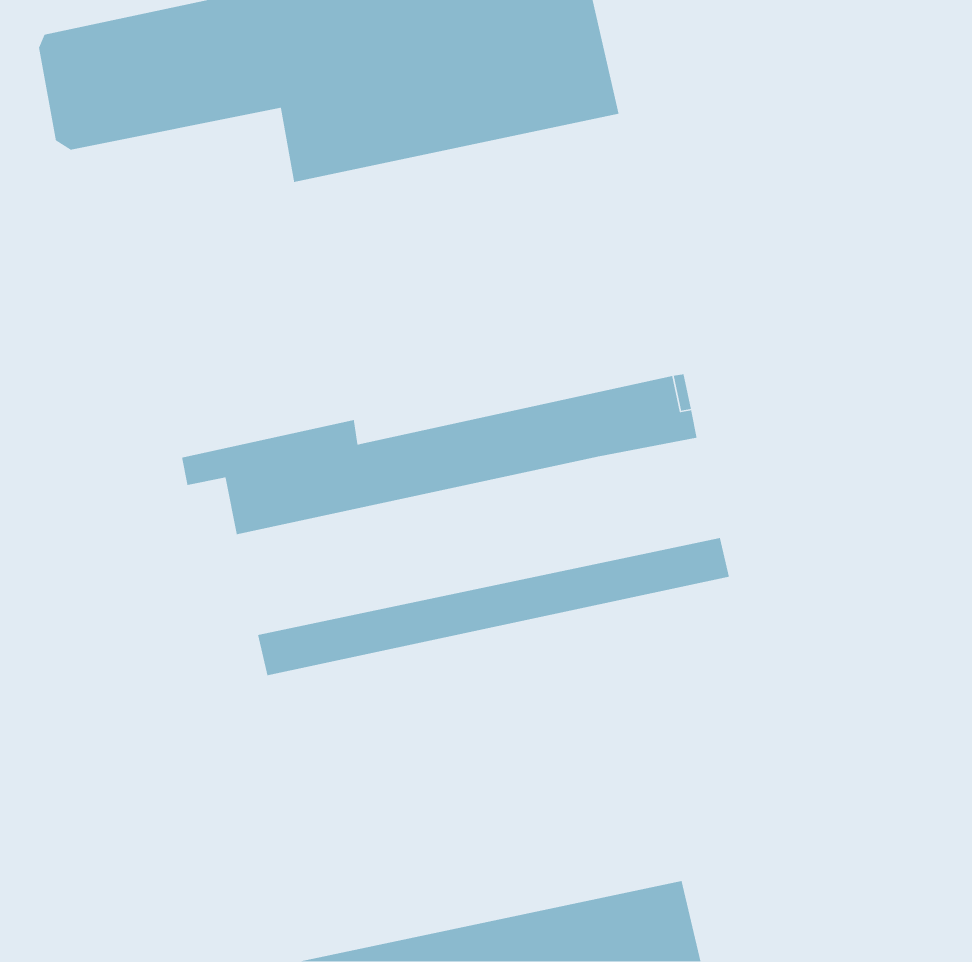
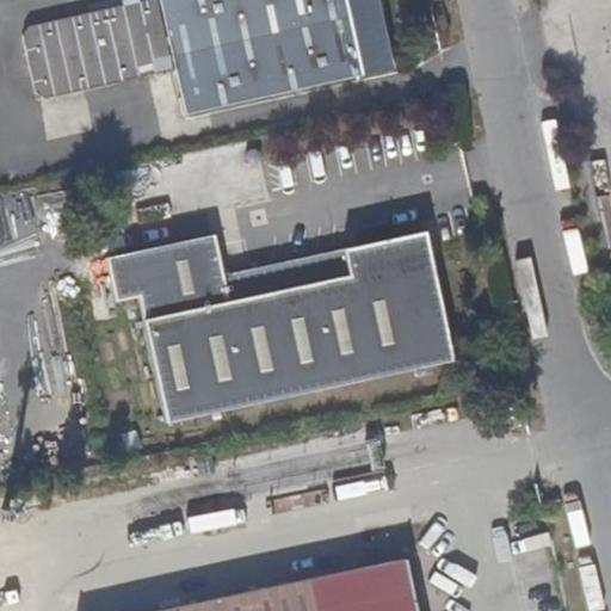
building: none -> [109,239,222,286]
building: none -> [148,274,451,397]

